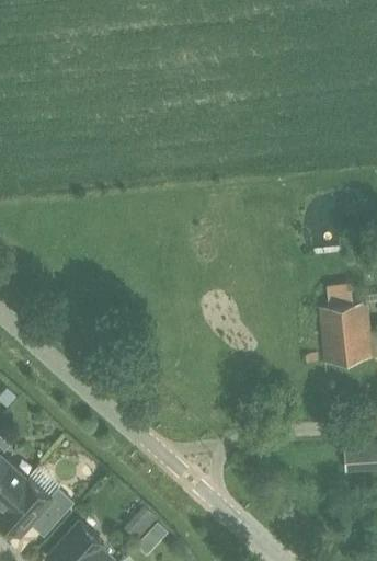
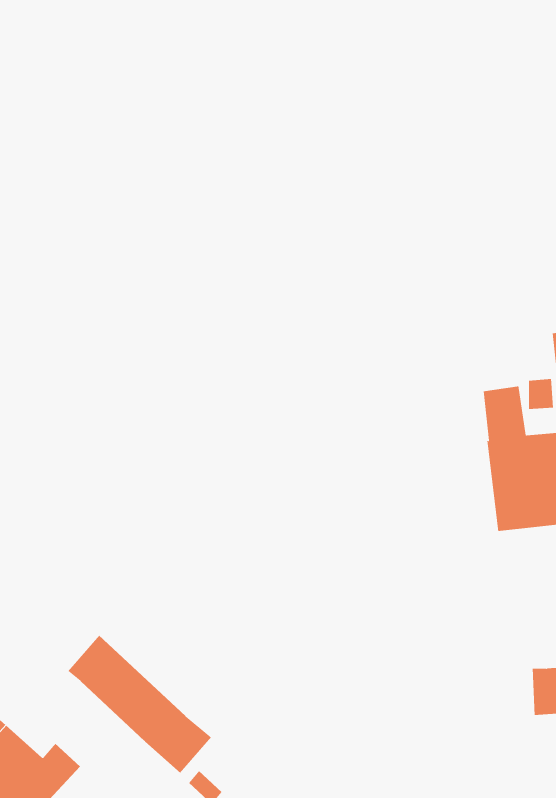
building: none -> [67,635,212,773]

